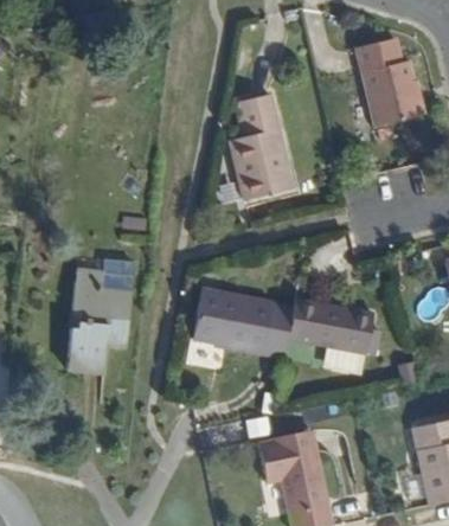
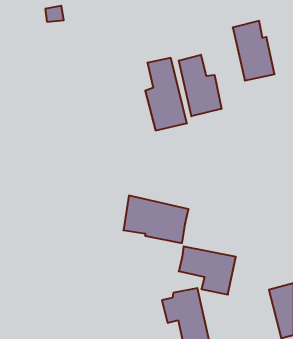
building: none -> [179,55,221,116]
building: [69,258,135,370] -> none
building: [289,296,373,367] -> [179,246,236,295]

